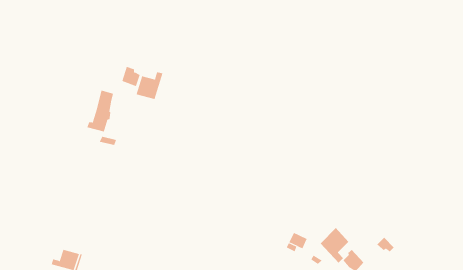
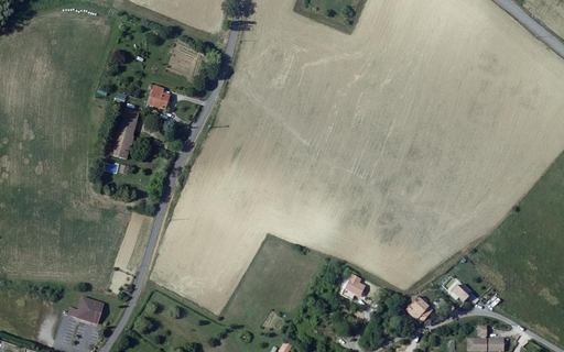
building: [136,71,163,100] -> none
building: [320,227,349,264] -> none

